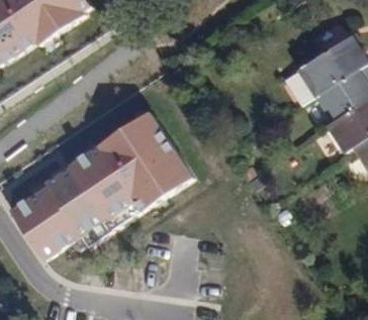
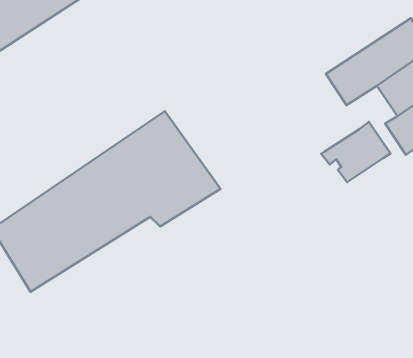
building: none -> [321,122,391,182]

